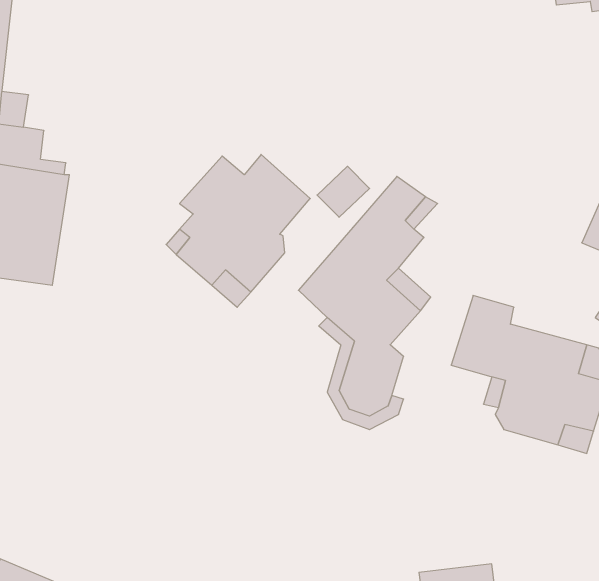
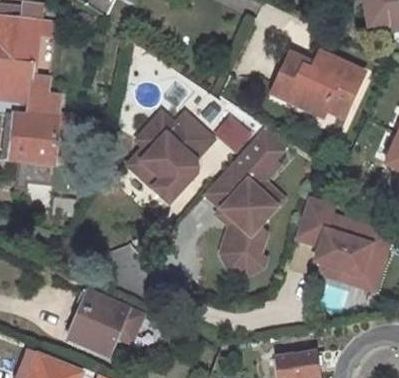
building: none -> [267,48,366,120]
building: none -> [71,289,143,353]

